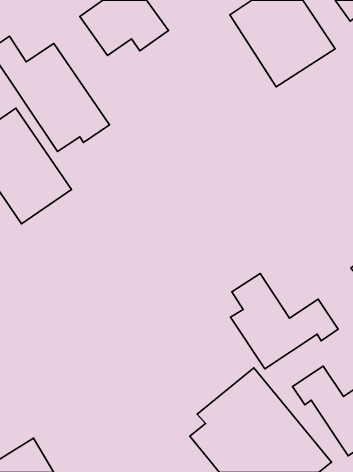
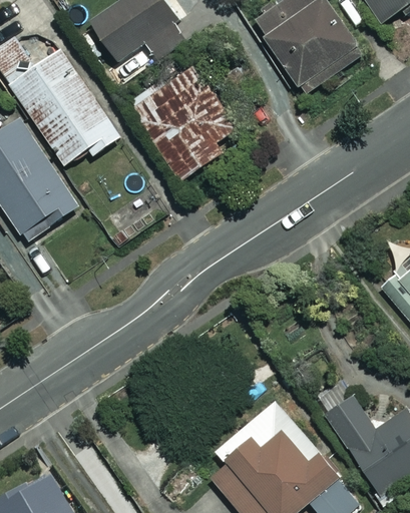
building: none -> [125,66,229,177]
building: [230,274,338,369] -> none

